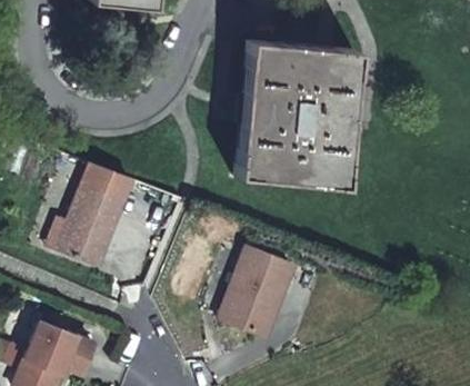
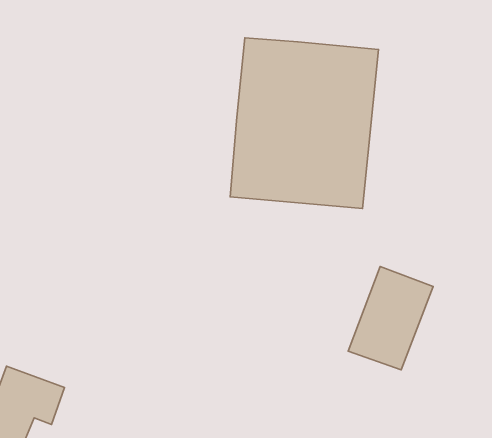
building: [59,161,129,264] -> none
building: [231,251,302,338] -> [348,267,433,370]

